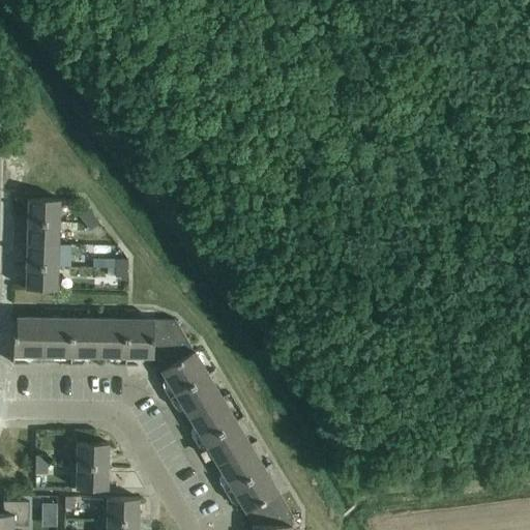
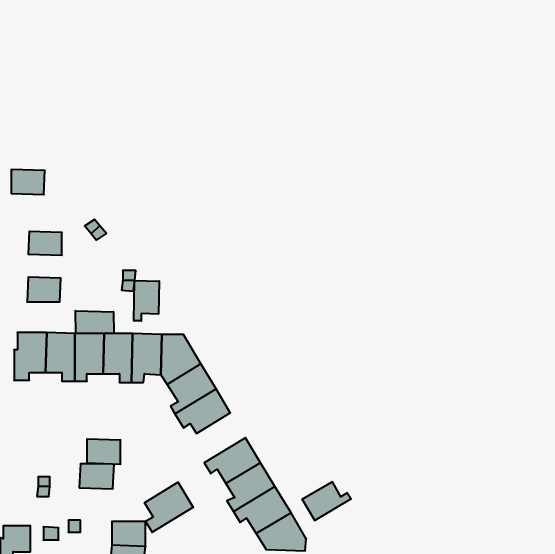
building: [28,199,60,223] -> [11,170,45,195]
building: [27,243,59,266] -> none
building: none -> [134,281,159,321]
building: none -> [75,311,114,333]
building: [187,394,234,442] -> [144,482,193,532]
building: none -> [302,482,351,521]
building: [76,466,108,490] -> [87,439,121,464]

